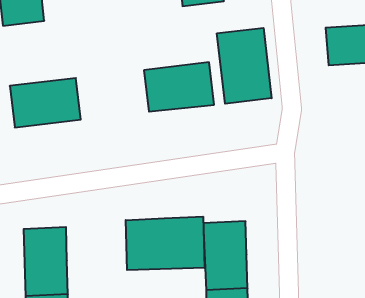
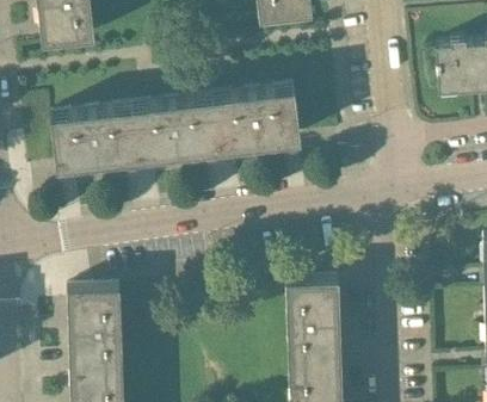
building: [217,28,272,104] -> none
building: none -> [132,99,221,159]
building: [126,217,204,270] -> none

